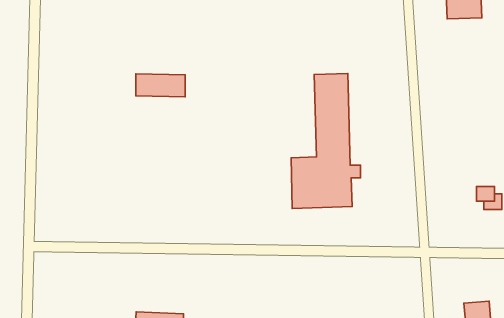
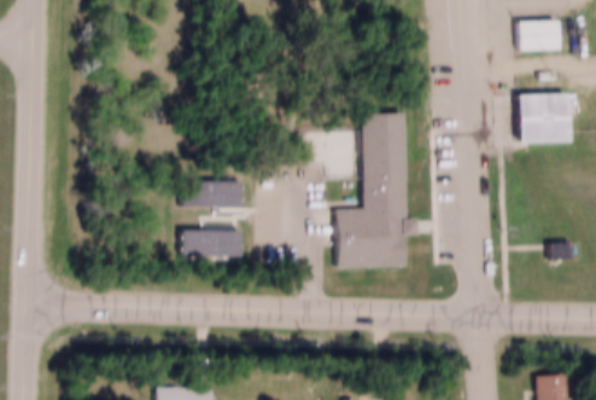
building: none -> [516,93,565,140]
building: [136,74,185,97] -> [186,179,243,205]
building: none -> [187,228,243,254]

